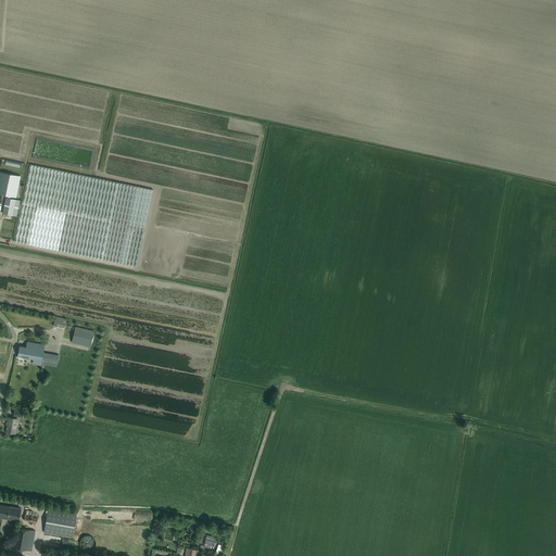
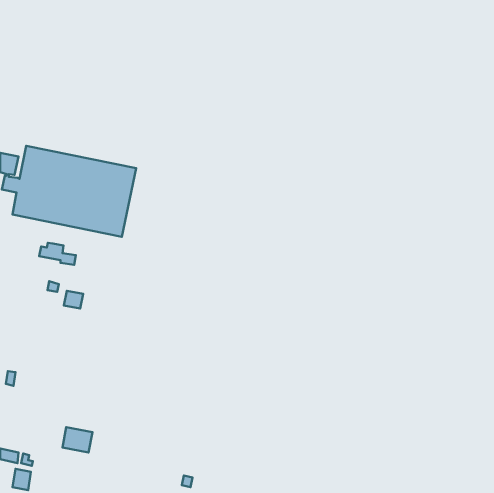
building: [17,342,59,367] -> [39,243,76,265]
building: [43,510,77,539] -> [62,427,92,452]

